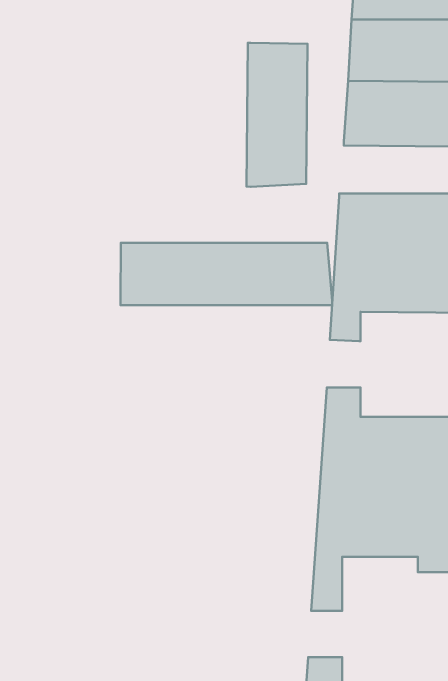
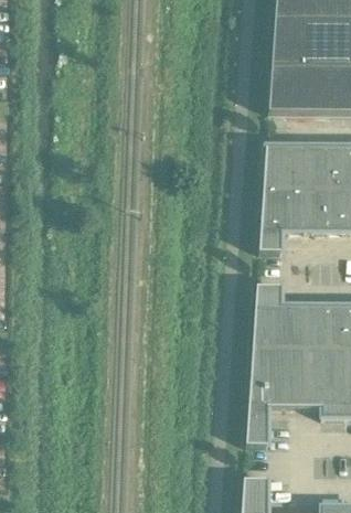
building: [246,43,307,187] -> none
building: [120,243,332,305] -> none

